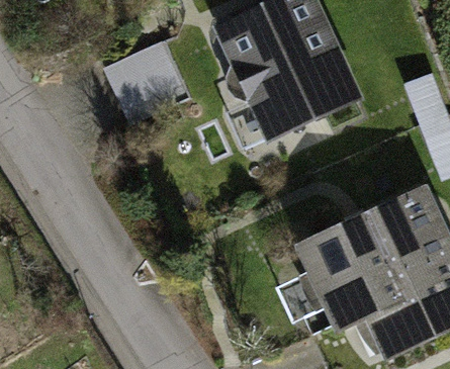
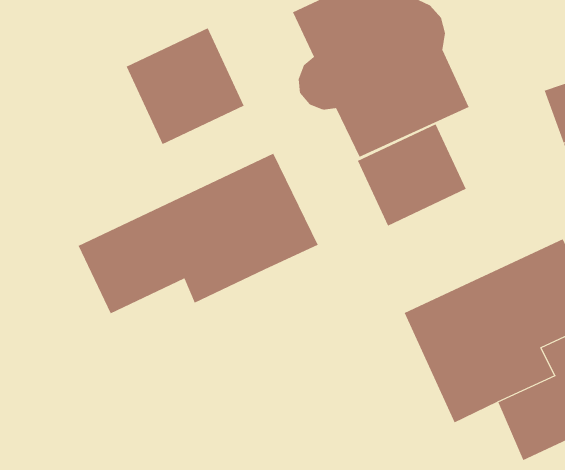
building: none -> [357,123,467,227]
building: none -> [78,153,318,314]

